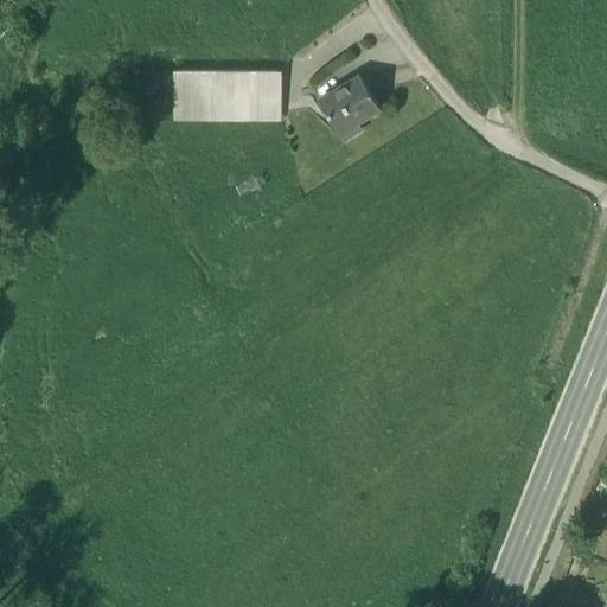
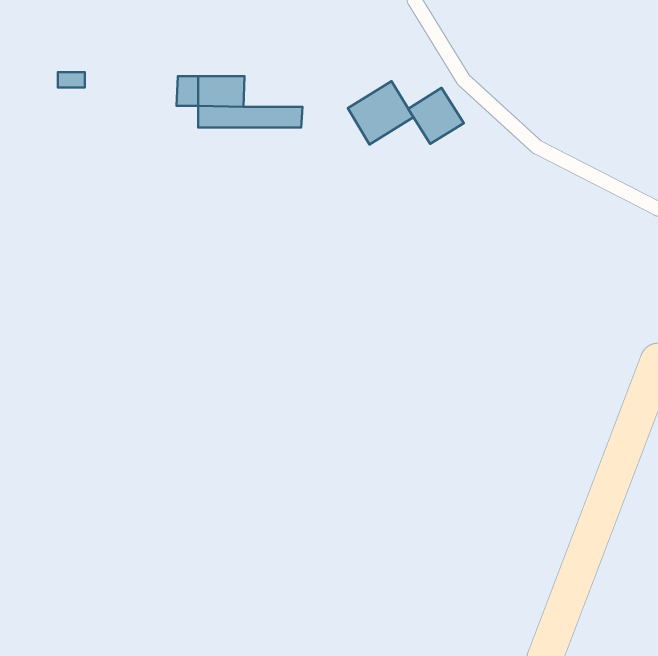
building: [224,72,279,101] -> none
building: none -> [408,88,464,144]

